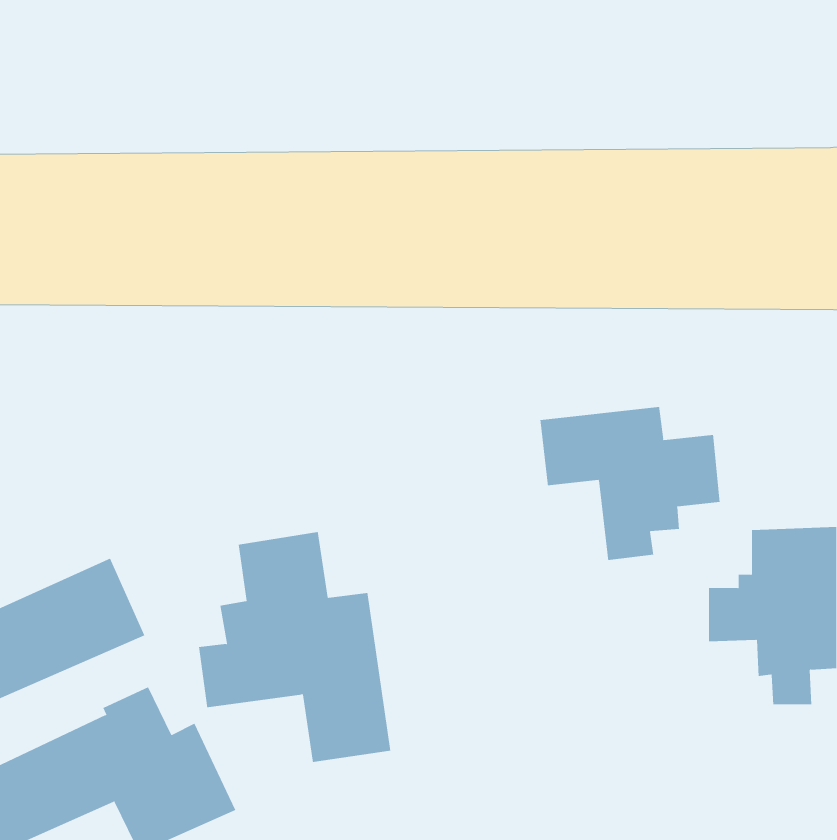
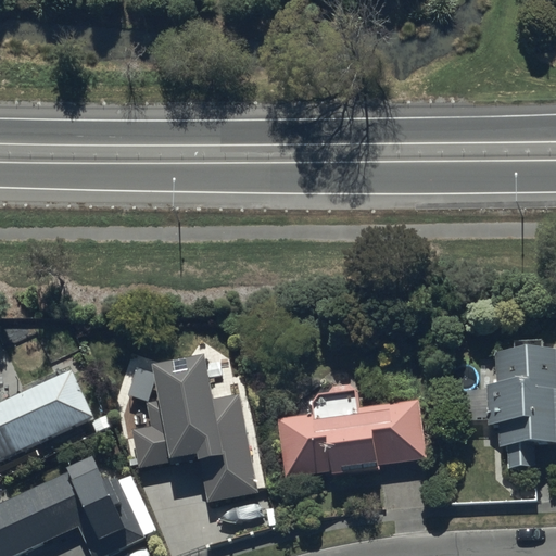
building: [540,406,720,561] -> none
building: none -> [277,388,426,475]

